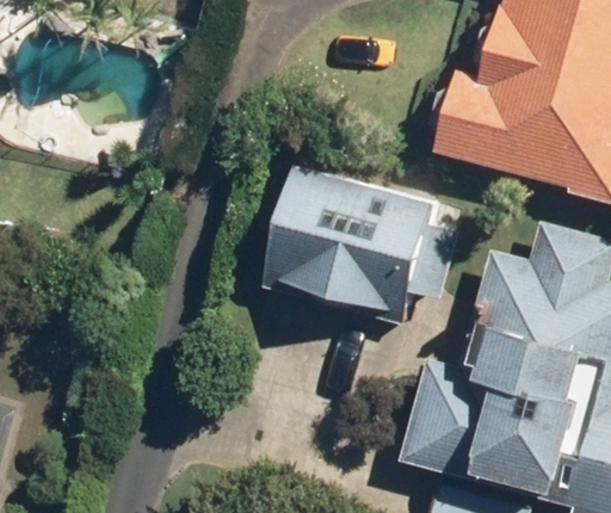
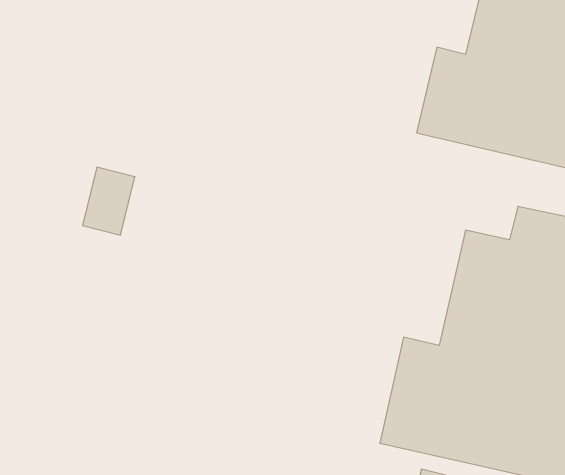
building: [266,163,436,325] -> none

